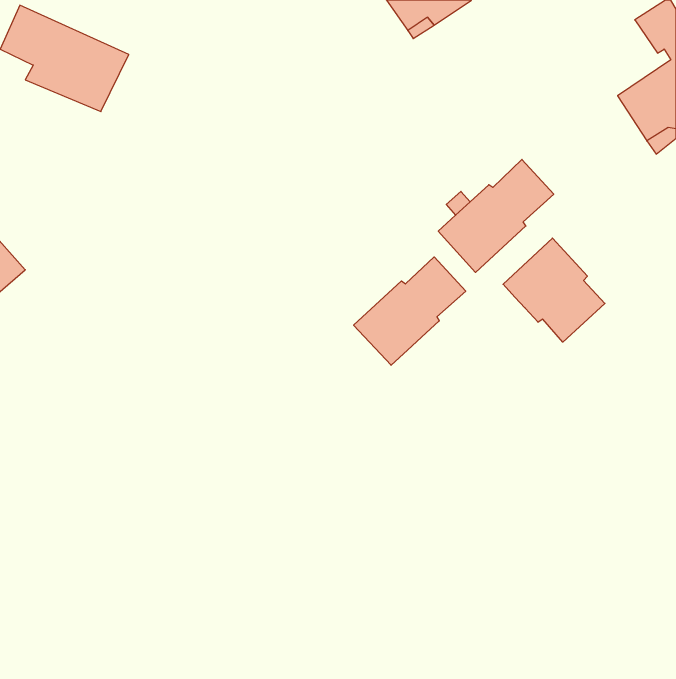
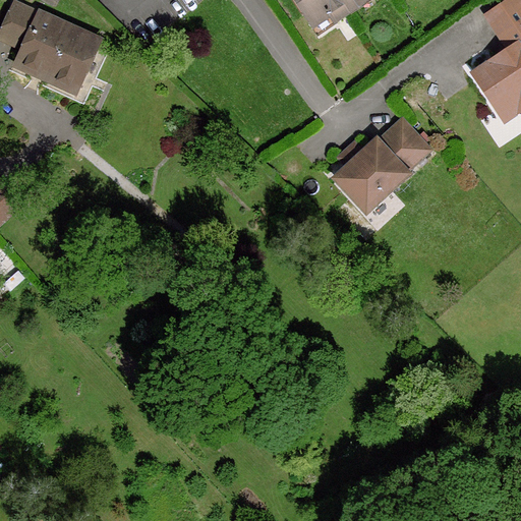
building: [503,238,605,342] -> none
building: [354,257,466,365] -> none

